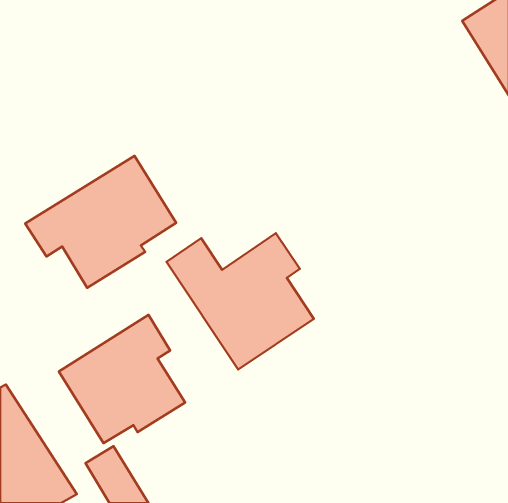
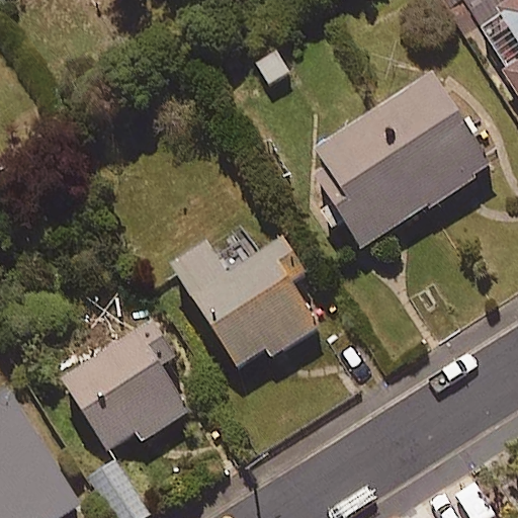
building: none -> [306,74,490,245]
building: [25,156,176,288] -> none

